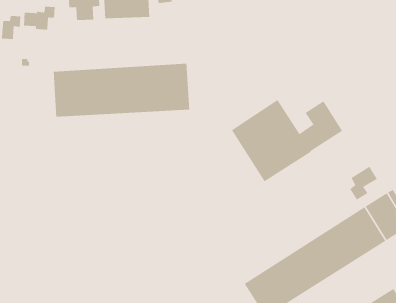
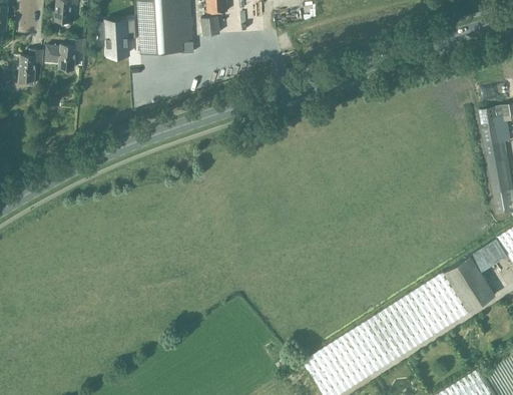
building: [53,63,190,118] -> none
building: [231,99,343,182] -> none
building: [350,164,380,200] -> none

